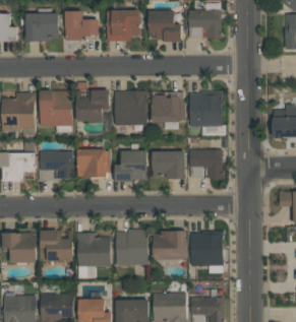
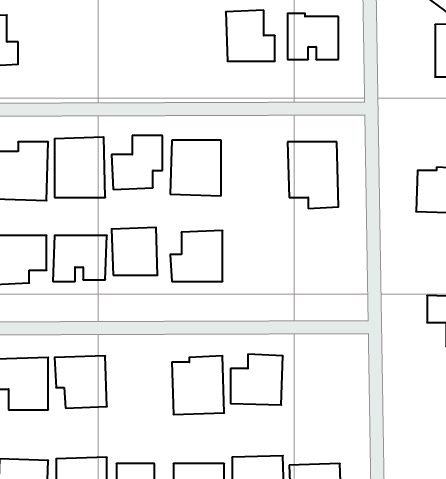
building: [106,7,139,41] -> none
building: [64,10,99,39] -> none
building: [24,11,59,42] -> none
building: [151,94,184,123] -> none
building: [152,148,185,179] -> none
building: [189,148,223,179] -> none
building: [190,231,223,266] -> none
building: [78,232,111,267] -> none

